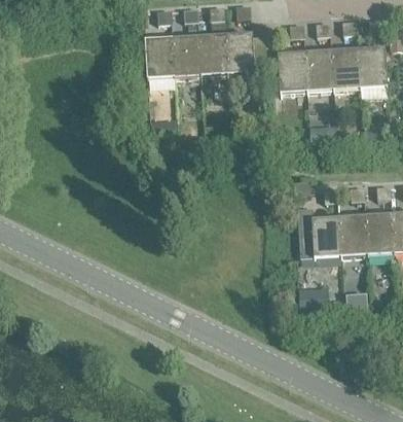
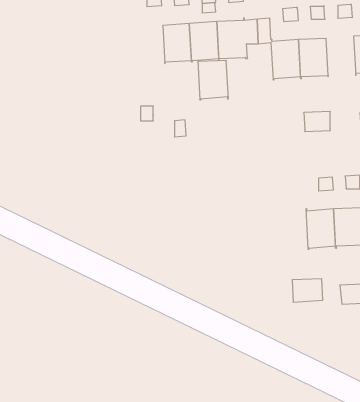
building: [145,39,175,77] -> [198,61,228,100]
building: [331,49,360,89] -> none

